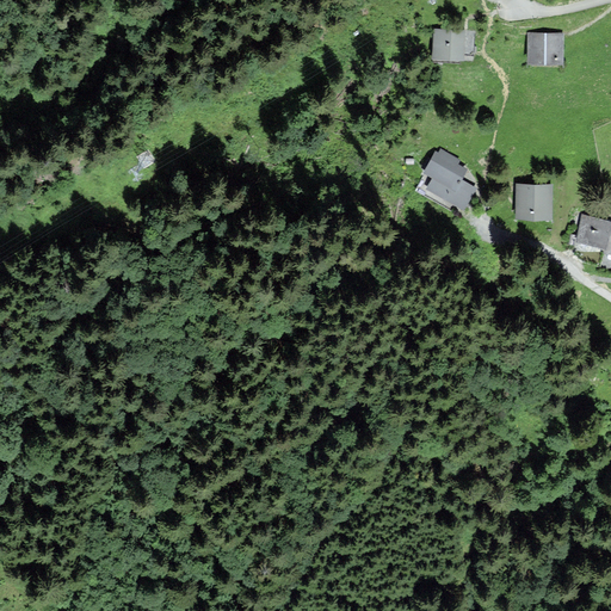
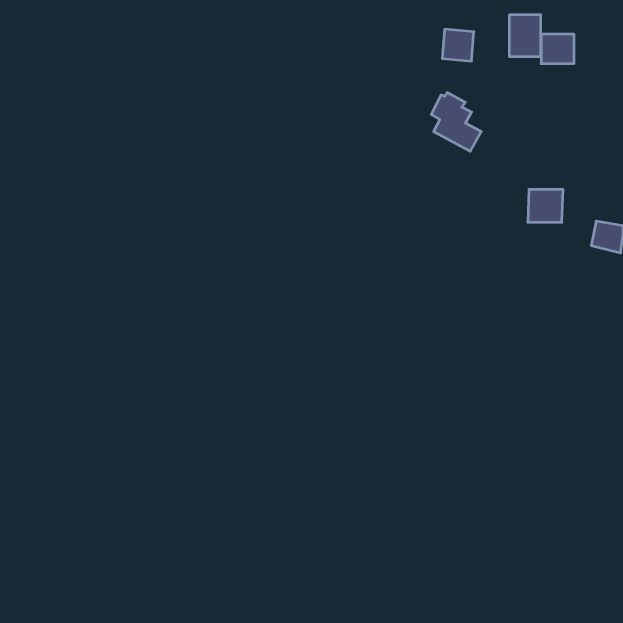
building: none -> [510,15,541,57]
building: [425,152,474,209] -> [431,93,481,151]

